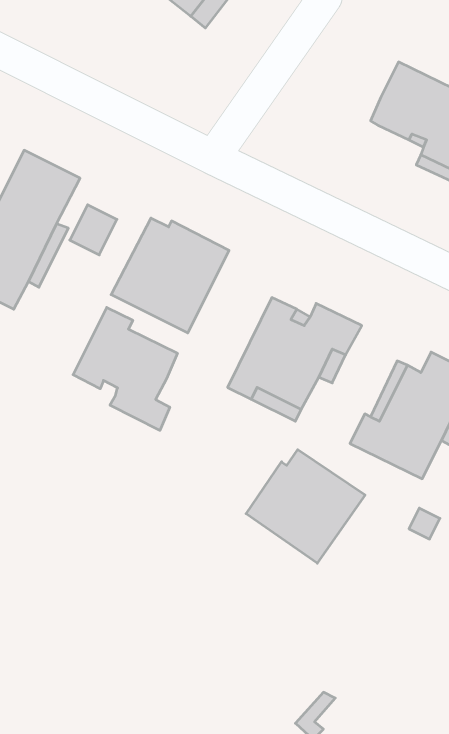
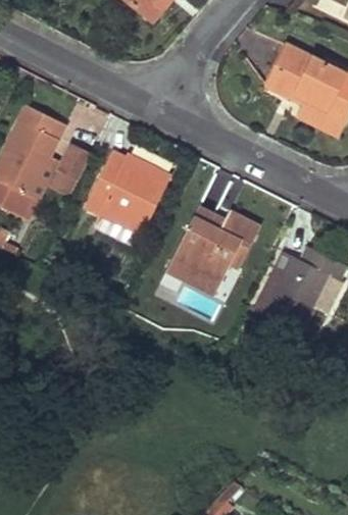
building: [73,307,177,430] -> none
building: [246,450,365,563] -> none

